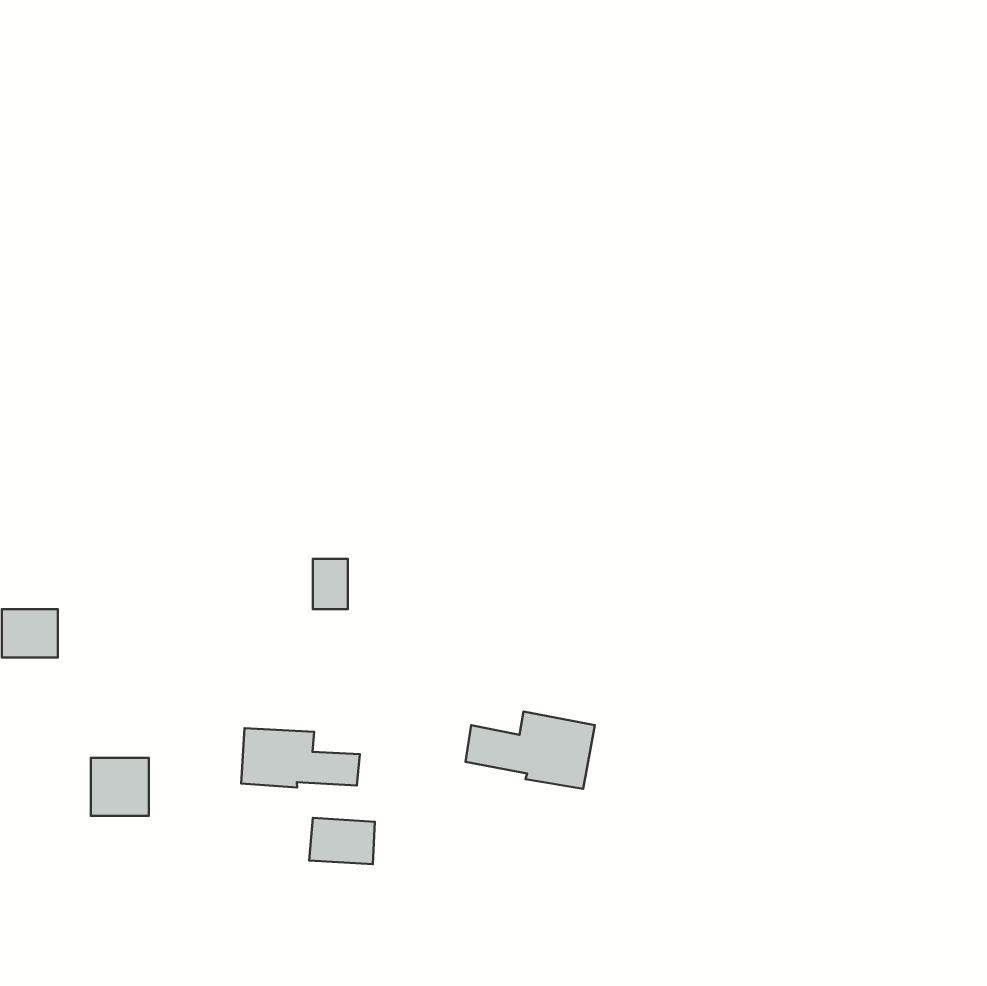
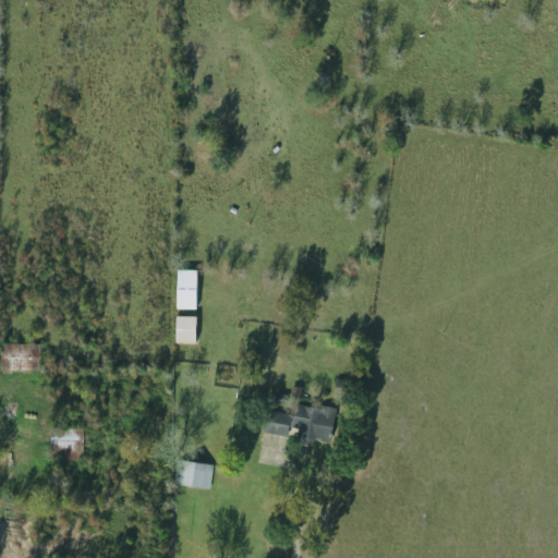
building: none -> [178,270,197,310]
building: [241,728,360,788] -> none

